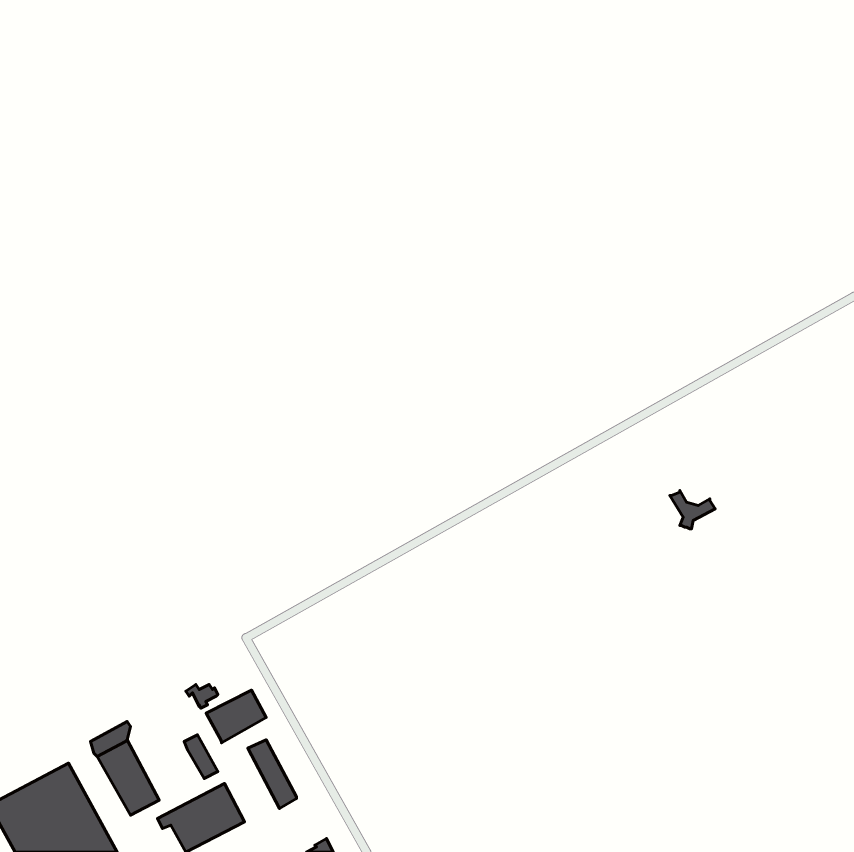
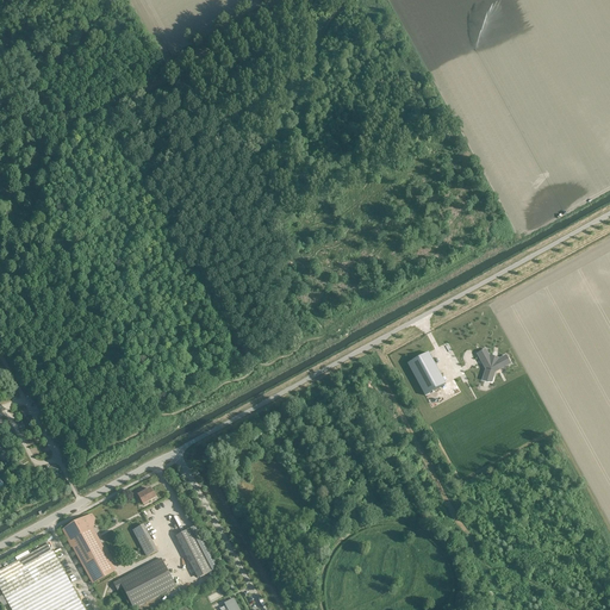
building: none -> [406,350,444,393]
building: [206,690,266,743] -> none

